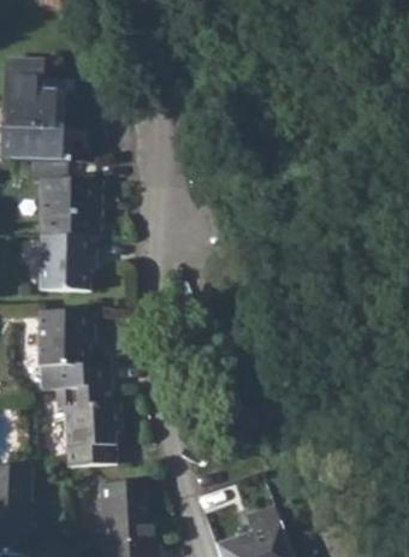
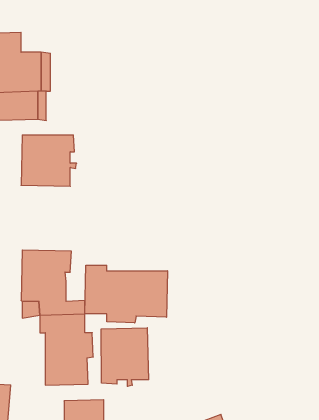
building: [37,237,95,294] -> none
building: none -> [85,265,167,323]
building: none -> [101,328,149,386]

